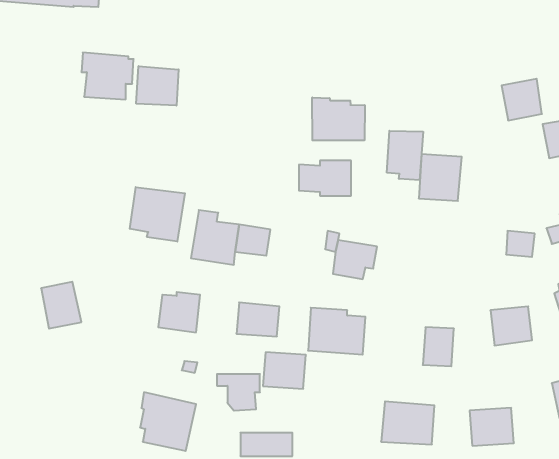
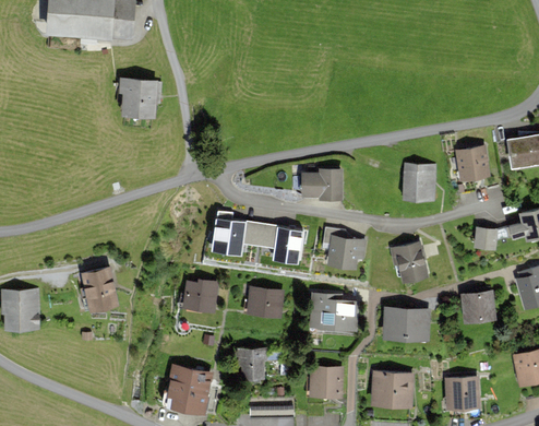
building: [136,66,179,106] -> none
building: [502,79,542,120] -> [456,145,490,180]
building: [312,97,365,140] -> none
building: [387,131,423,180] -> none
building: [130,187,185,242] -> none
building: none -> [273,226,306,263]
building: none -> [390,240,429,282]
building: none -> [382,307,407,340]
building: [263,352,306,389] -> [309,366,345,397]

